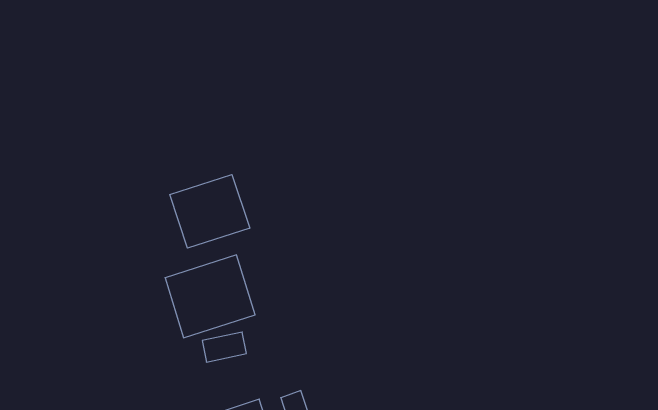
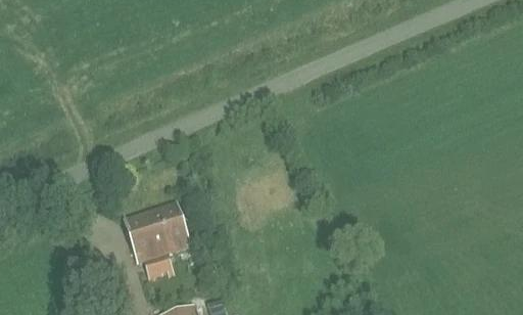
building: [170,175,250,248] -> none

